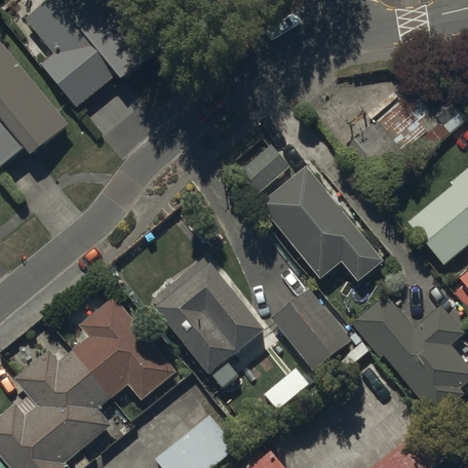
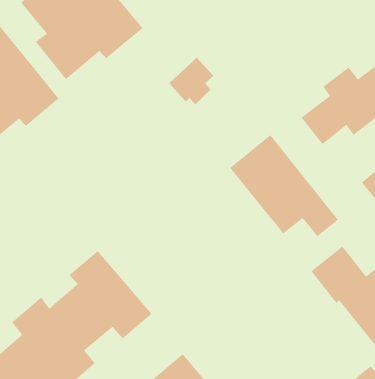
building: [238,142,289,196] -> [169,57,214,105]
building: [152,259,265,388] -> none
building: [269,284,351,368] -> none

